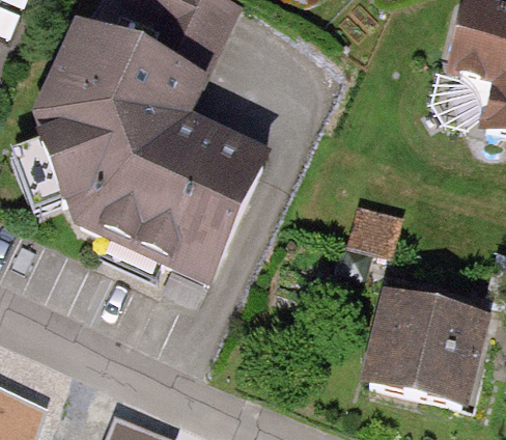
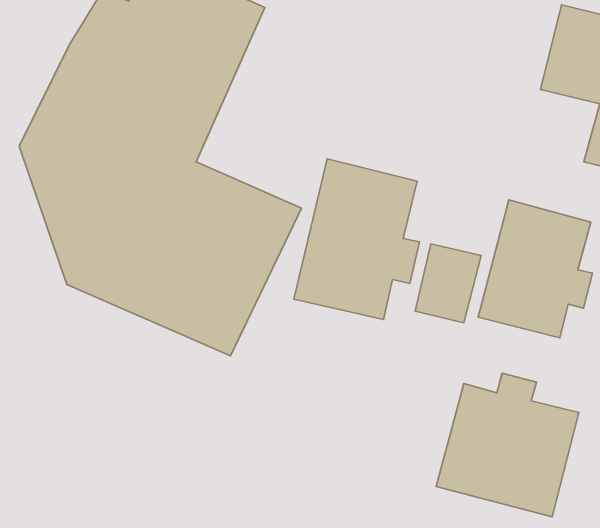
building: none -> [294,159,419,320]
building: none -> [478,200,593,338]

